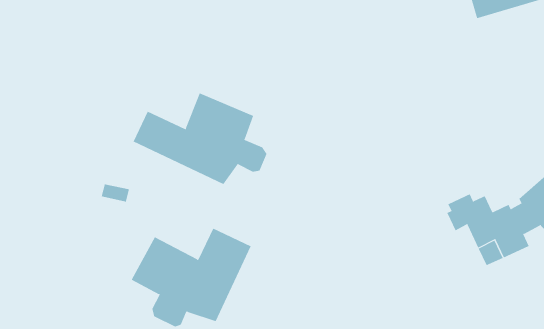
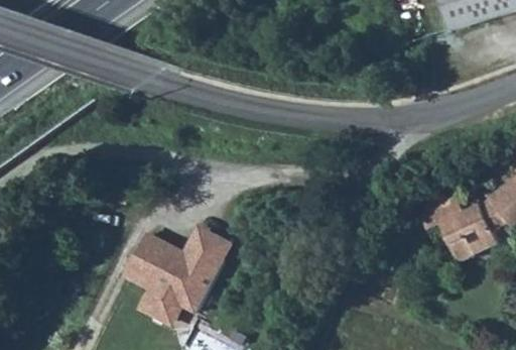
building: [133,93,267,185] -> none

